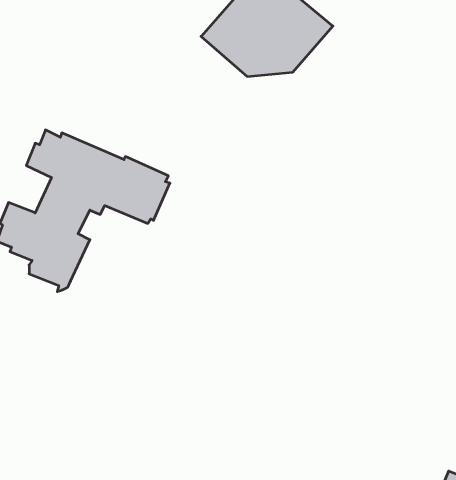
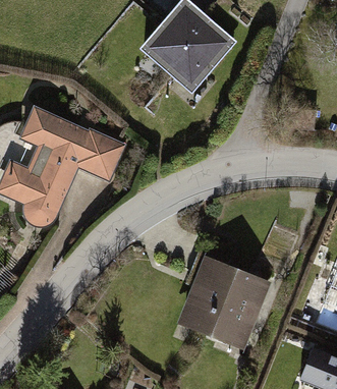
building: none -> [183,237,265,335]

